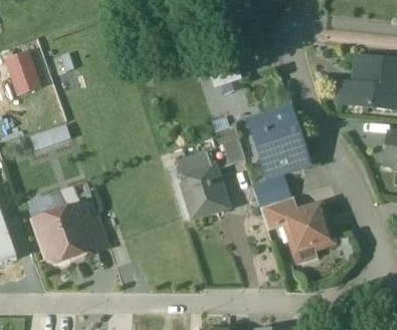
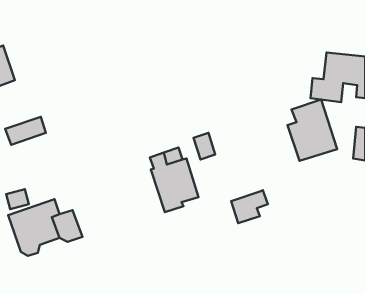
building: [254,111,305,174] -> [288,99,337,161]
building: [250,174,289,208] -> none
building: [285,203,333,249] -> none

